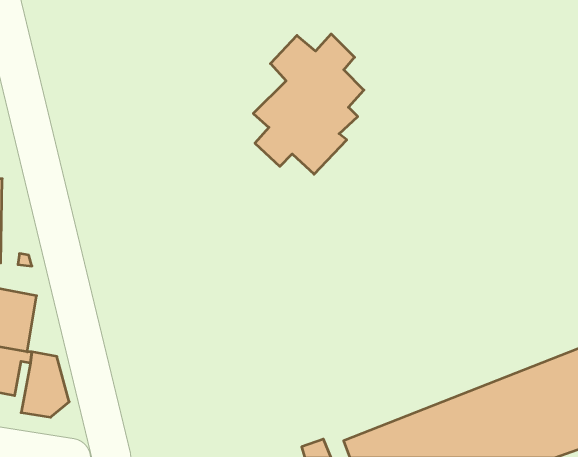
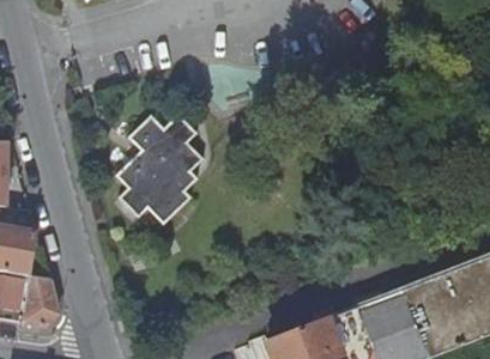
building: [253,34,364,174] -> [119,115,204,223]

